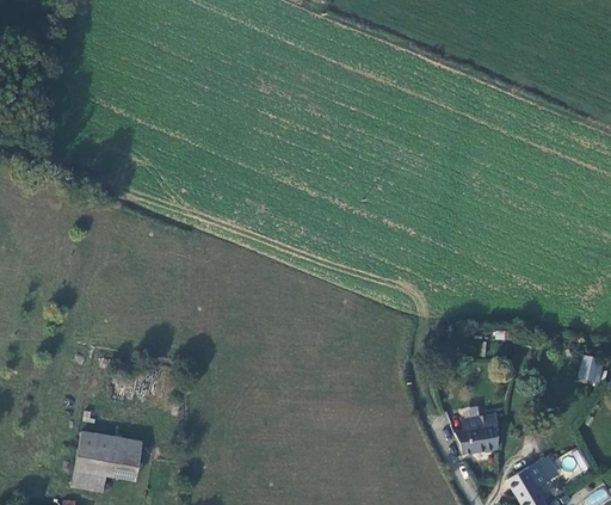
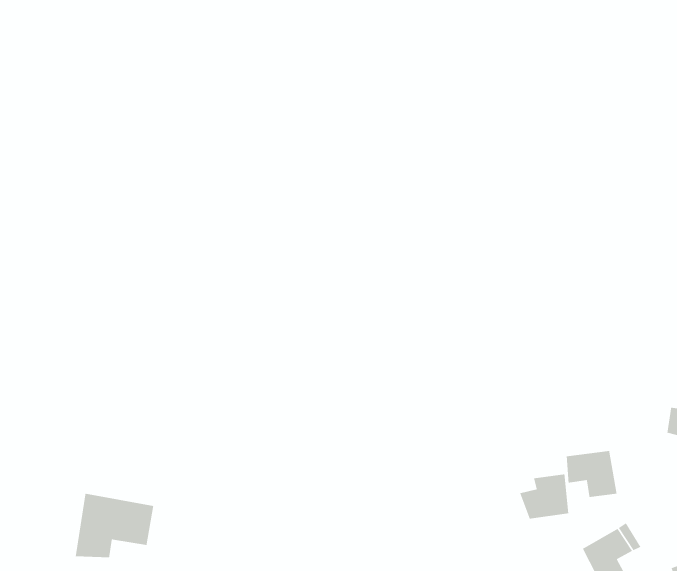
building: none -> [566,450,618,498]

